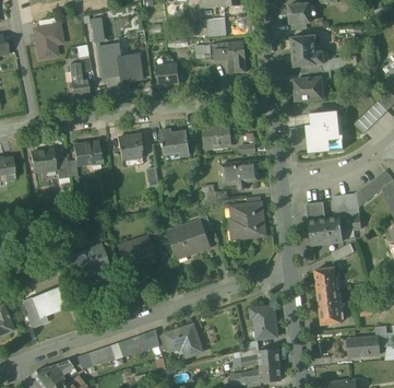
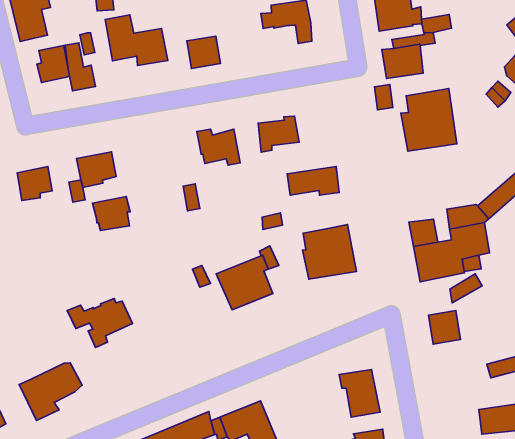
building: none -> [37,45,69,82]
building: [117,133,143,156] -> [93,197,130,230]
building: [120,237,153,268] -> none
building: [318,289,341,325] -> none

